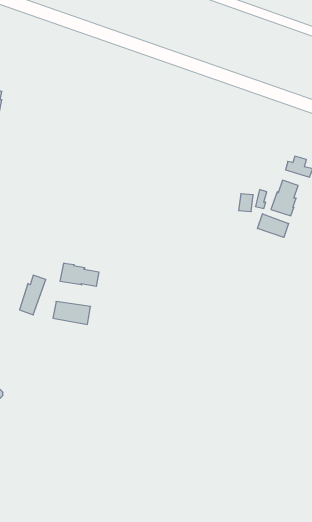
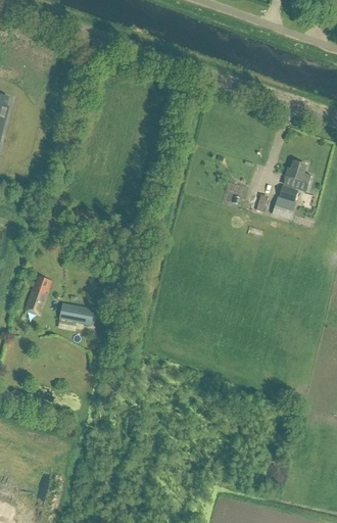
building: [258,214,289,237] -> none
building: [60,263,99,286] -> none

